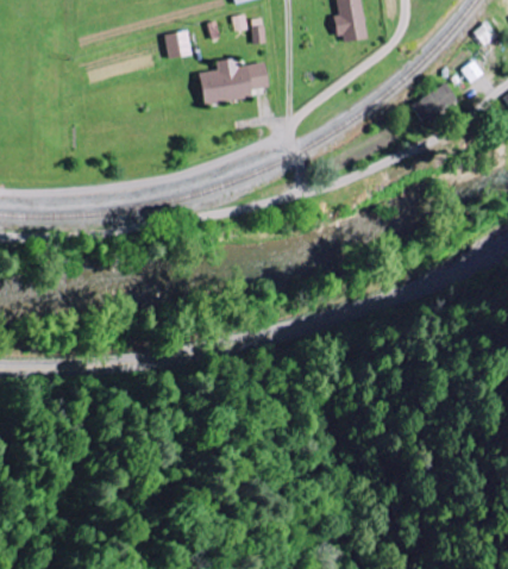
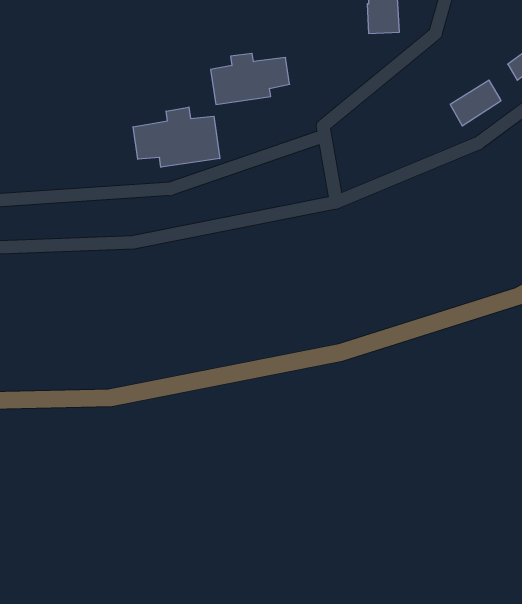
building: [167,30,193,58] -> none
building: none -> [133,107,220,167]

